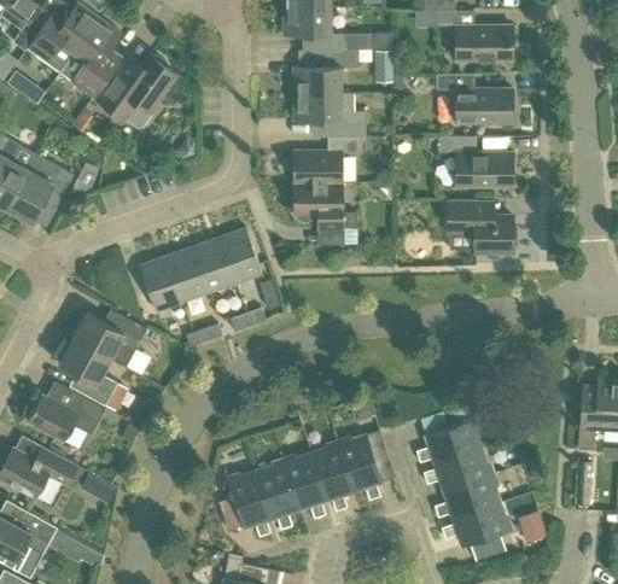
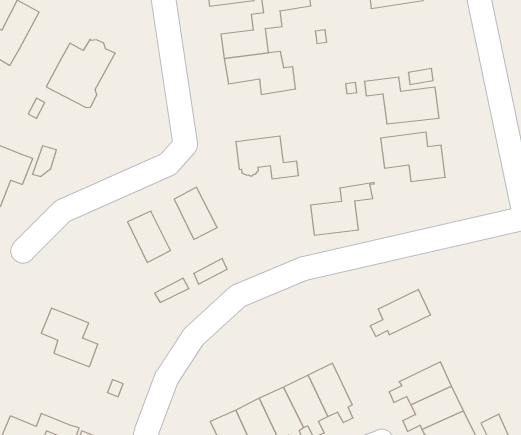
building: [60,19,121,97] -> none
building: [436,75,513,123] -> none
building: [292,136,363,185] -> [310,183,374,235]
building: [192,238,234,292] -> none
building: [133,256,181,322] -> none
building: [72,313,146,368] -> none
building: [28,393,105,442] -> none
building: [415,419,482,463] -> [370,289,431,336]

